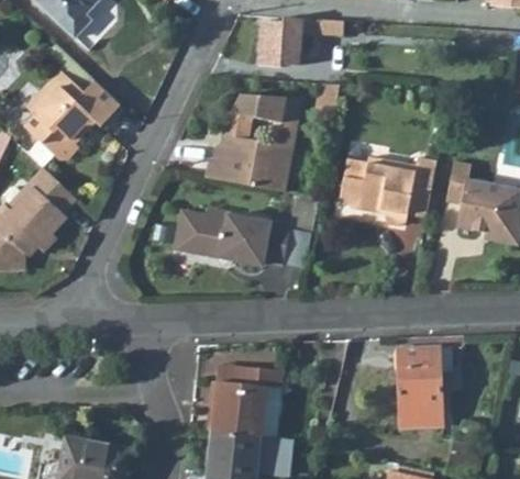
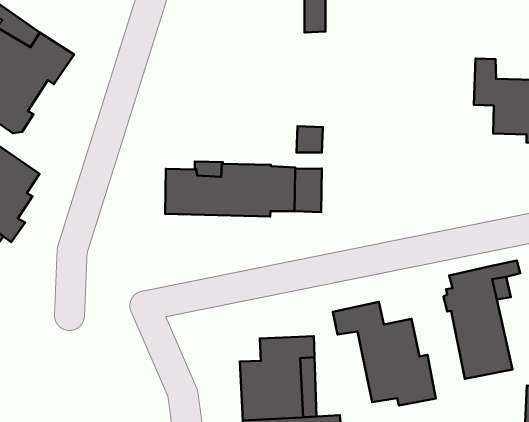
building: [207,94,302,191] -> none
building: [340,157,436,226] -> none
building: none -> [333,302,436,406]

